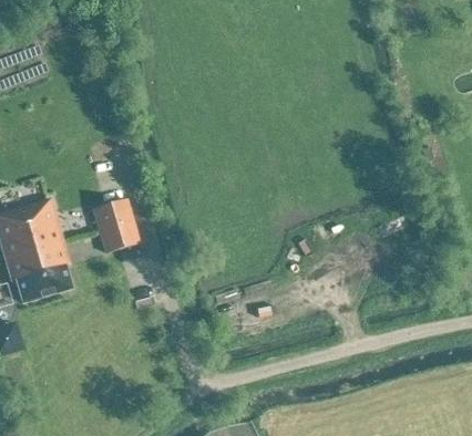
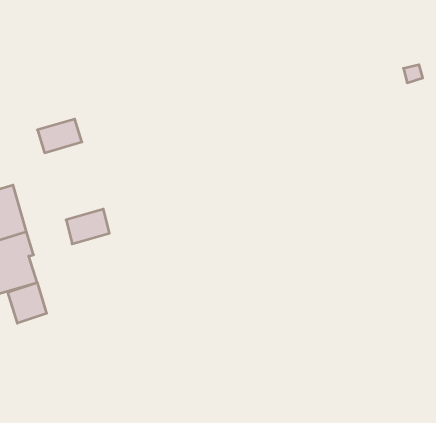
building: [93,198,134,229] -> [37,119,82,153]
building: none -> [8,283,47,323]

